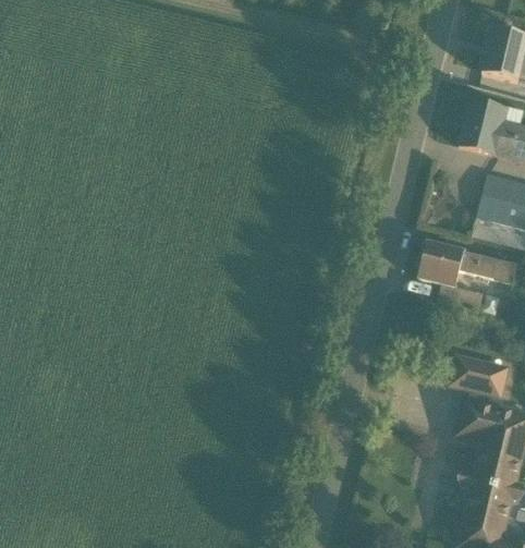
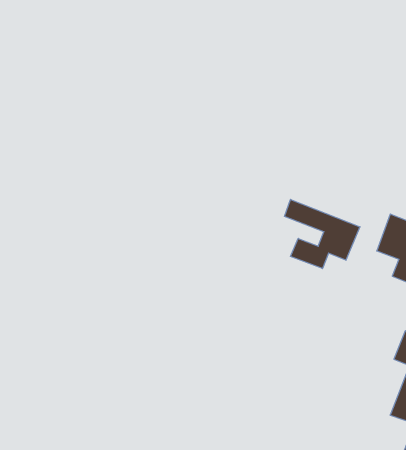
building: none -> [285,199,360,269]

